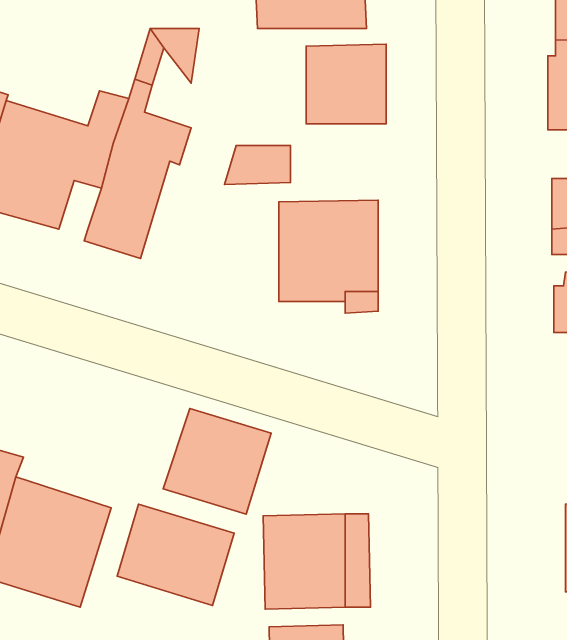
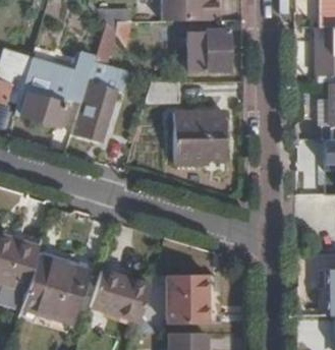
building: [163,408,271,514] -> none

